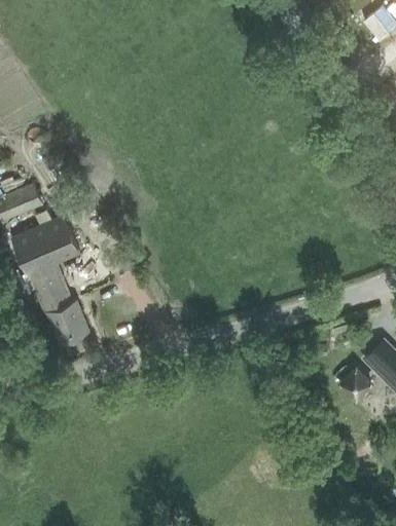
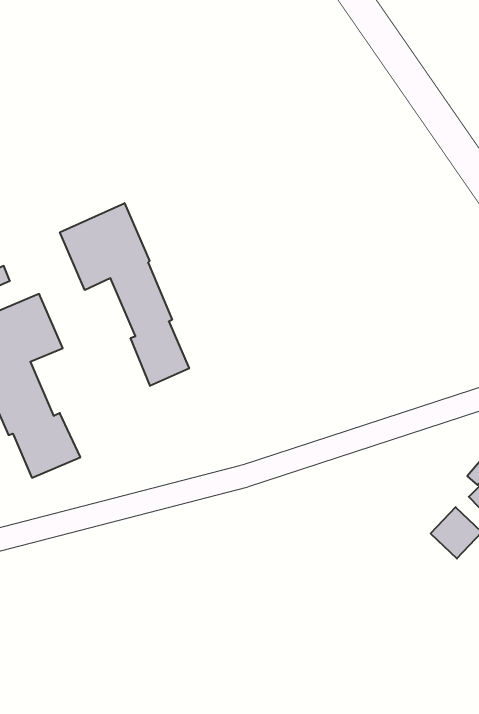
building: none -> [60,203,189,386]

